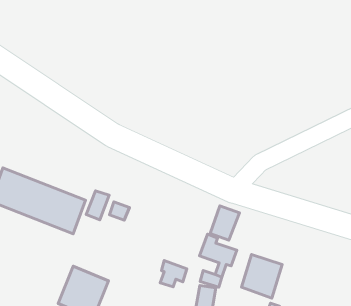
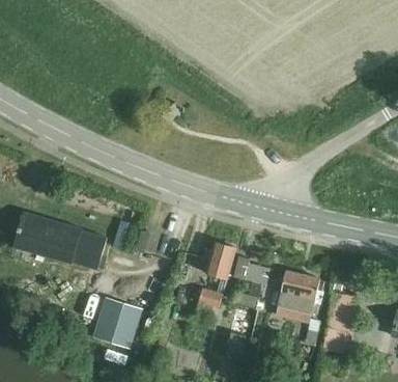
building: [210,206,239,240] -> [205,243,233,277]

